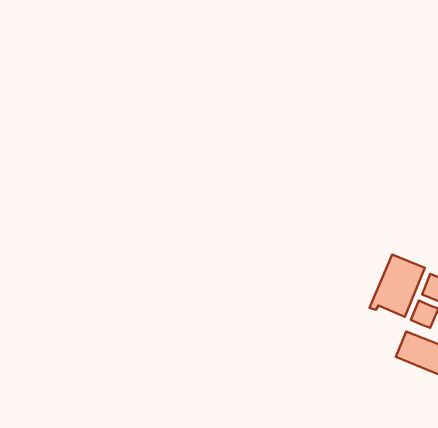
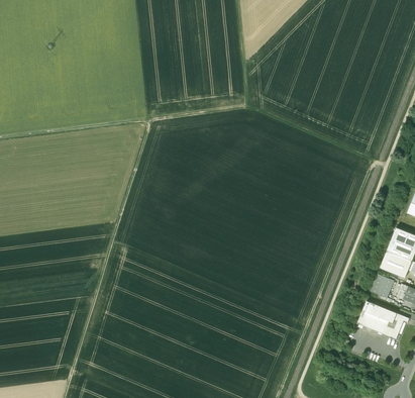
building: [369,254,425,317] -> none

